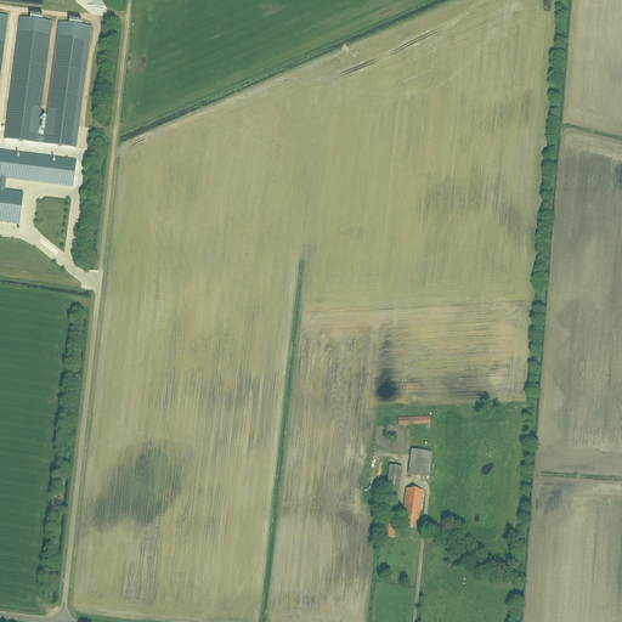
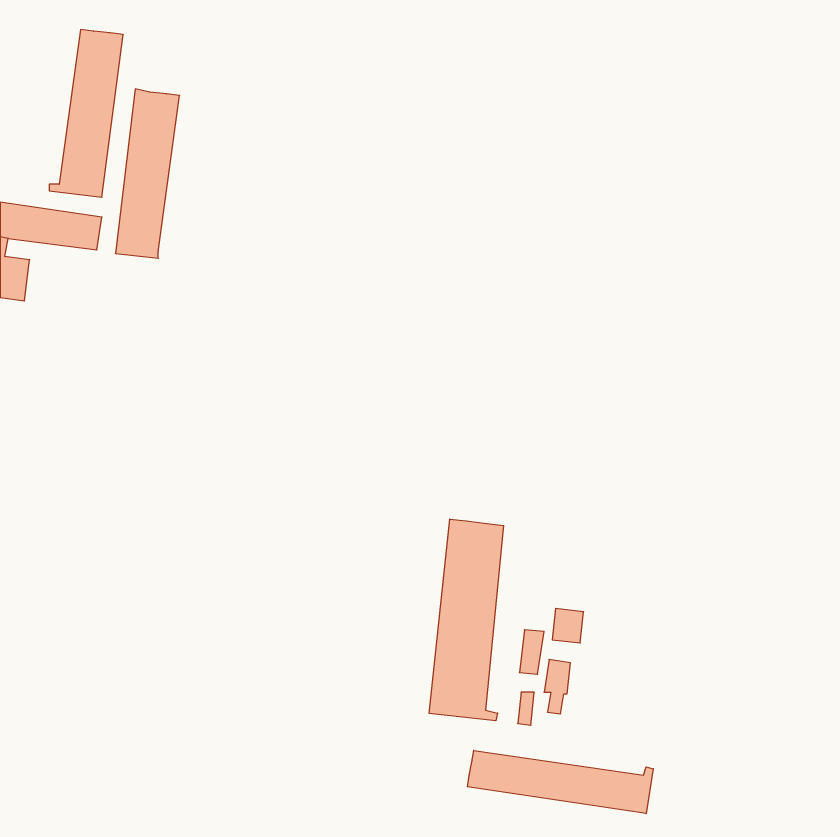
building: [5,16,52,141] -> [115,89,180,258]
building: none -> [429,519,504,721]
building: none -> [467,750,653,814]

